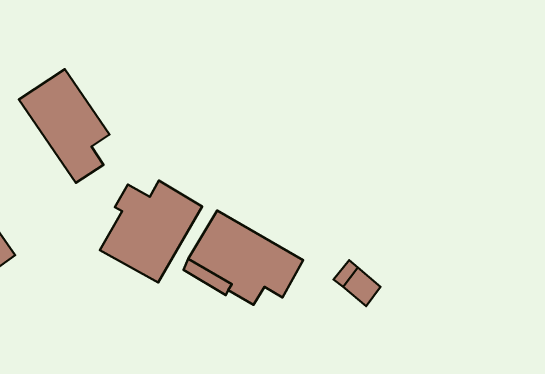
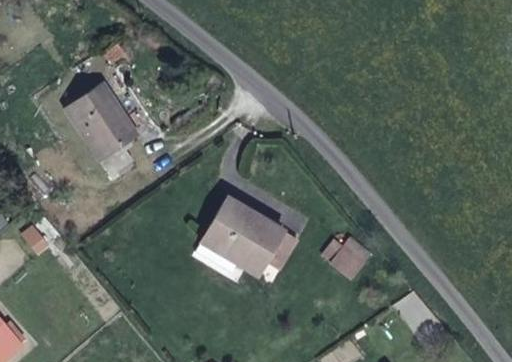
building: [100,180,202,283] -> none

